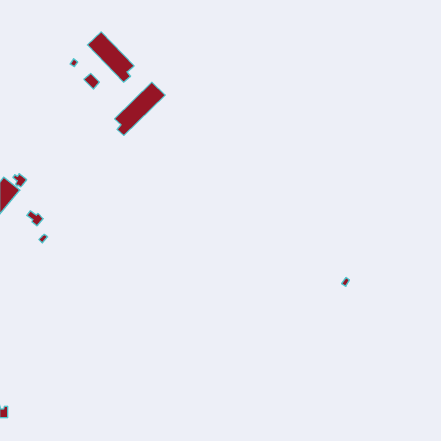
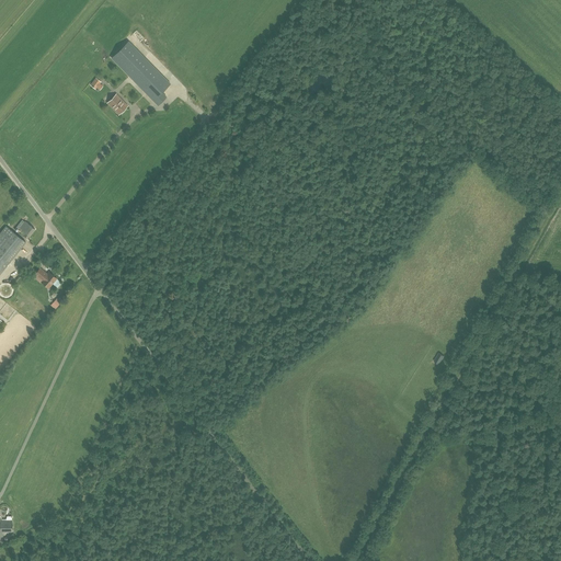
building: [115,82,165,135] -> none

